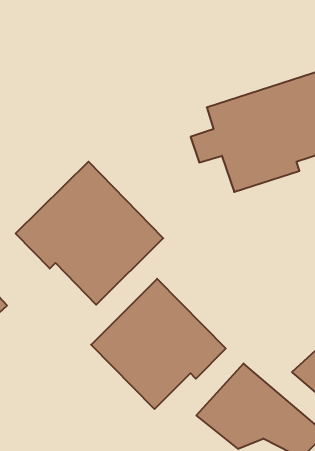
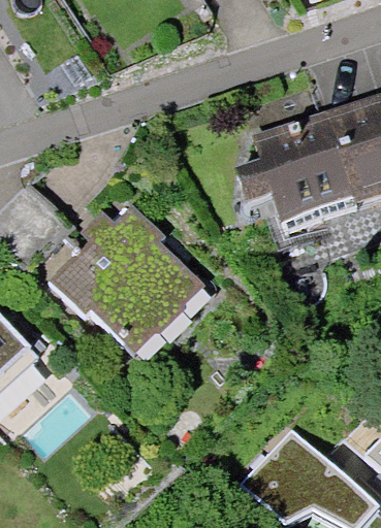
building: [91,279,226,409] -> none

